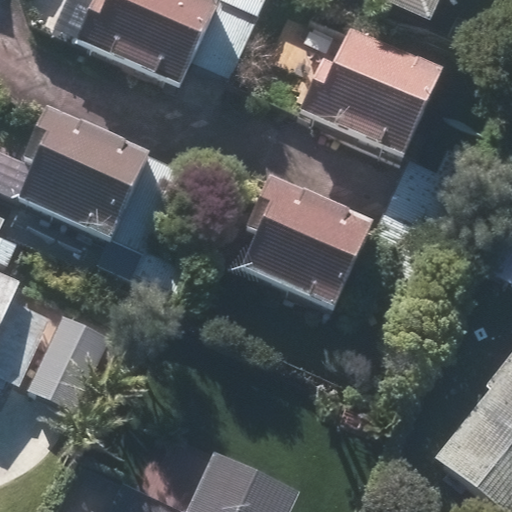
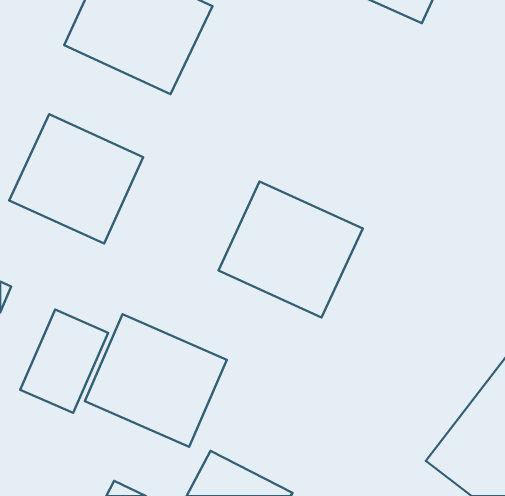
building: [299,31,439,164] -> none
building: none -> [85,314,227,447]

